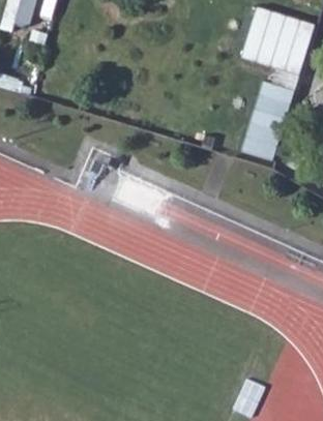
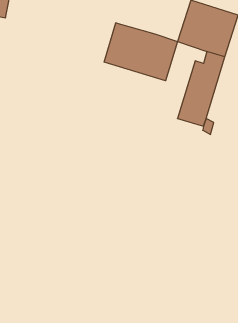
building: none -> [104,23,177,81]

